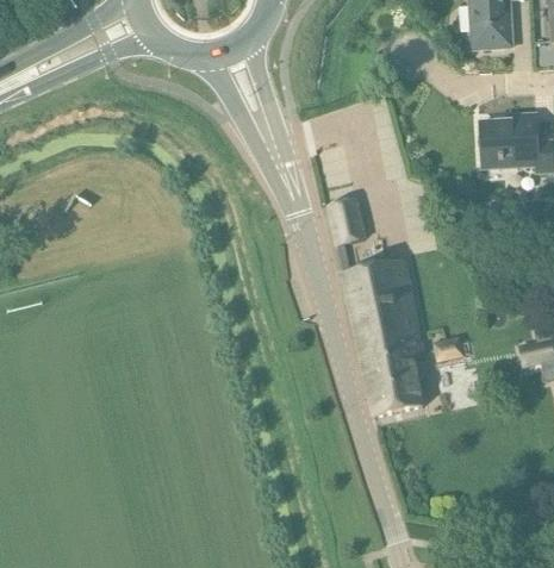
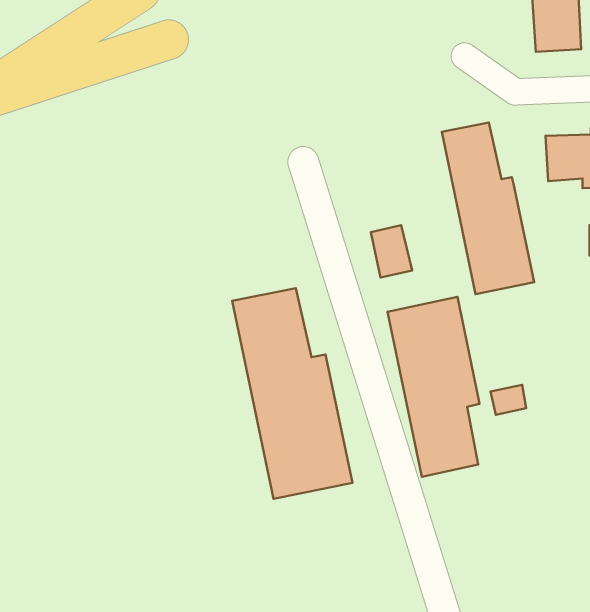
building: none -> [442,123,534,294]
building: none -> [232,288,353,499]

